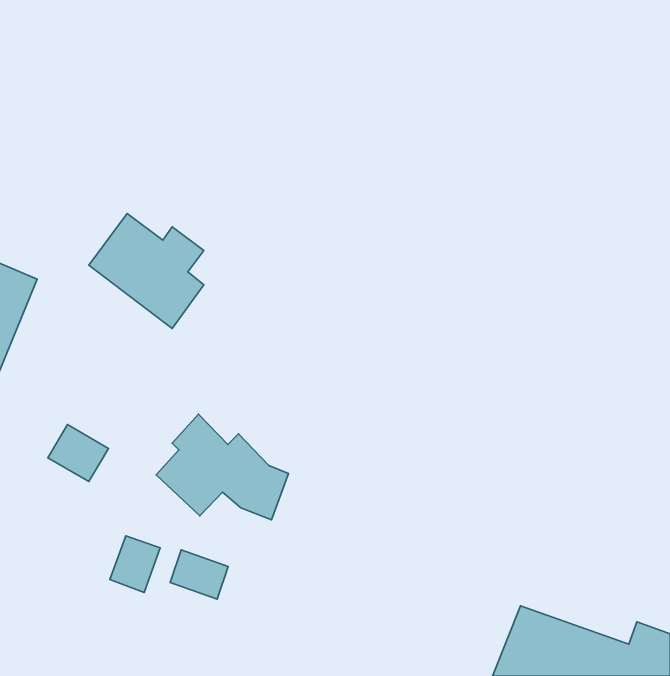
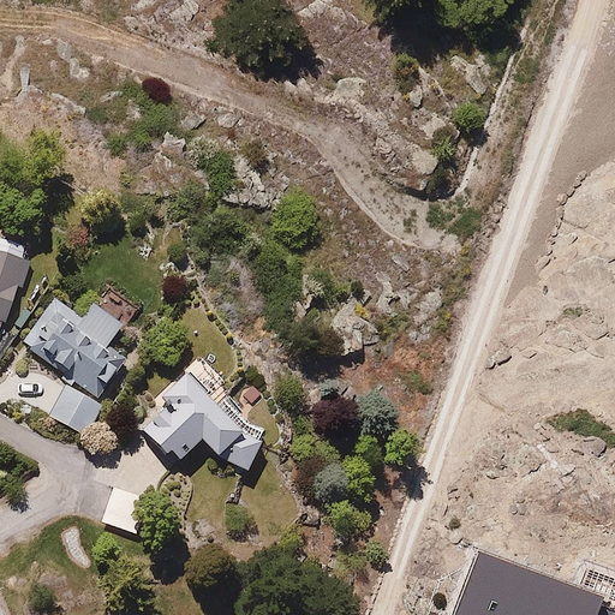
building: [89,214,204,329] -> [20,297,125,401]
building: [170,550,228,599] -> none

